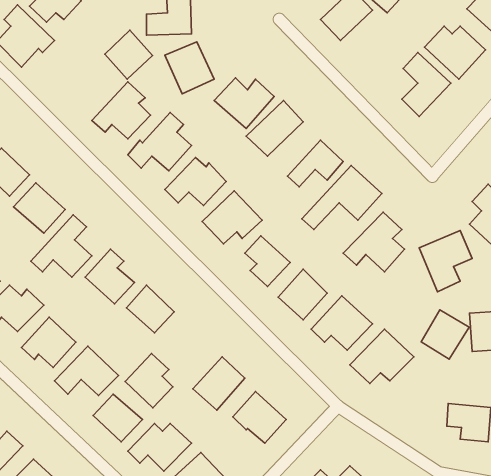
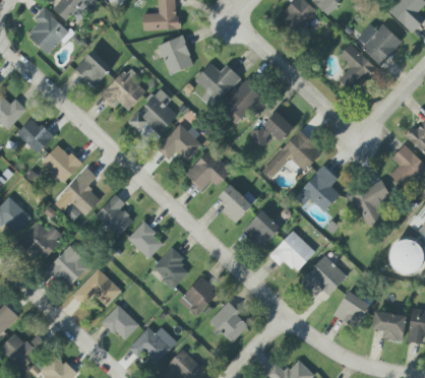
building: [105,30,153,79] -> [74,50,111,87]
building: [421,310,469,359] -> [333,291,370,328]
building: [125,353,173,408] -> [151,247,188,289]

